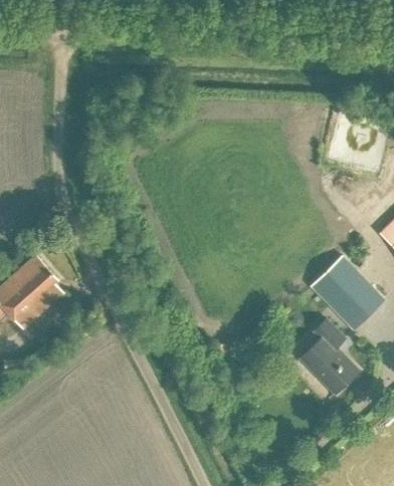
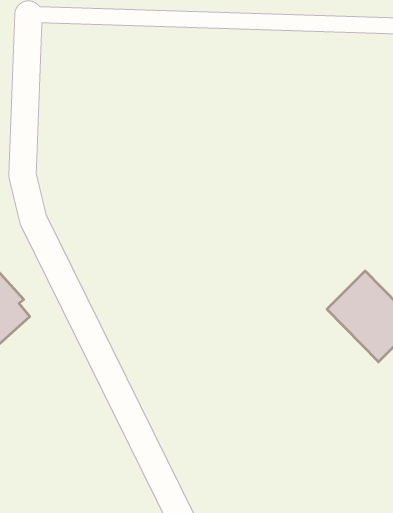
building: [298,317,355,392] -> none

